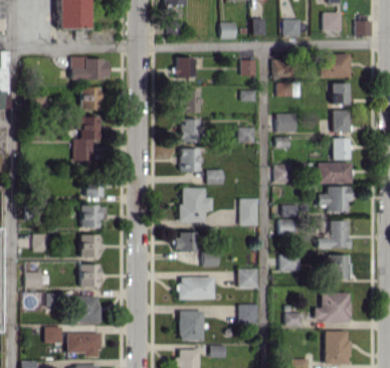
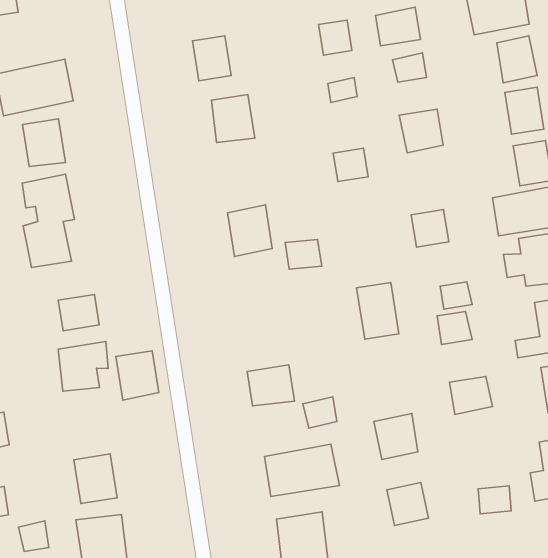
building: [181,119,201,142] -> none
building: [181,187,213,222] -> none
building: [80,234,100,257] -> [116,351,159,400]

